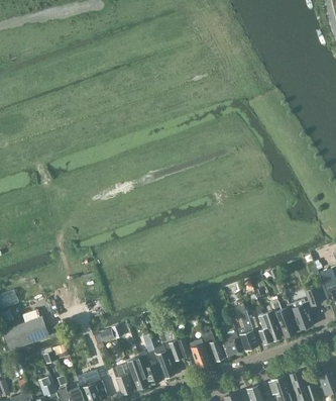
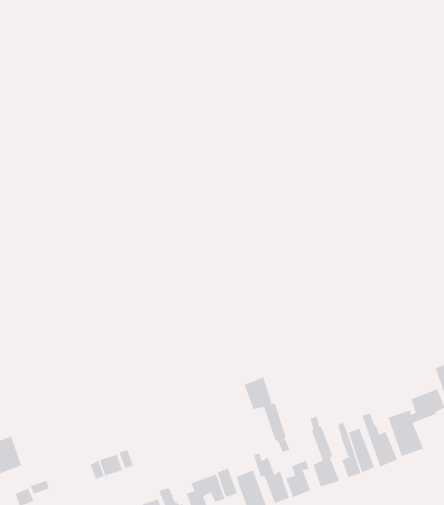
building: none -> [243,376,290,453]

